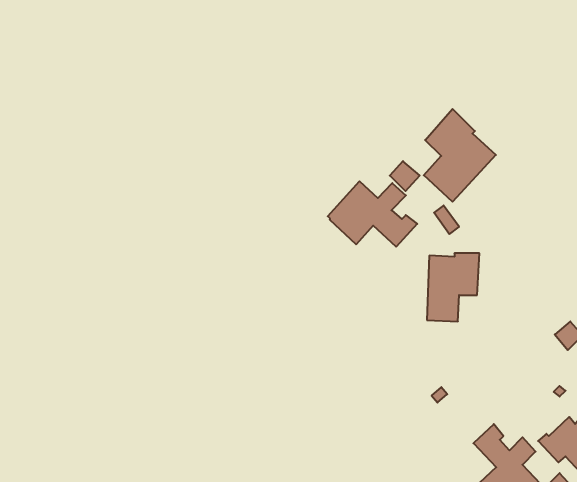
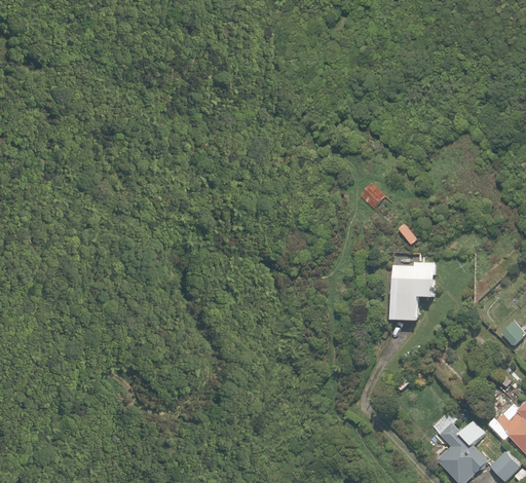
building: [424,109,496,202] -> none
building: [328,181,417,247] -> none

